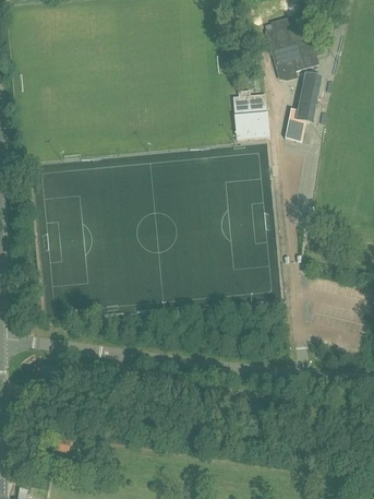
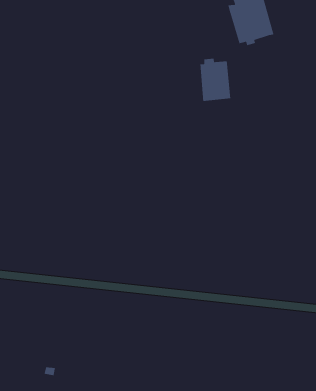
building: [285,74,319,142] -> none

